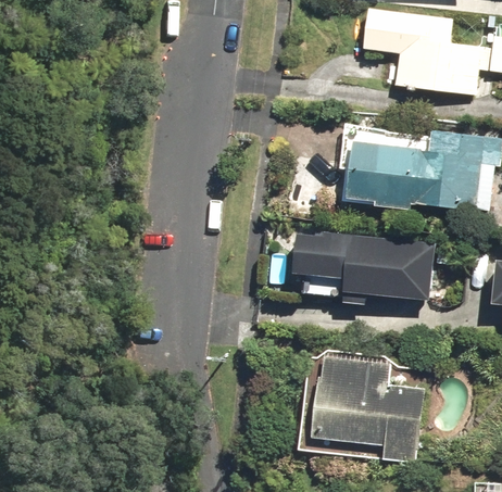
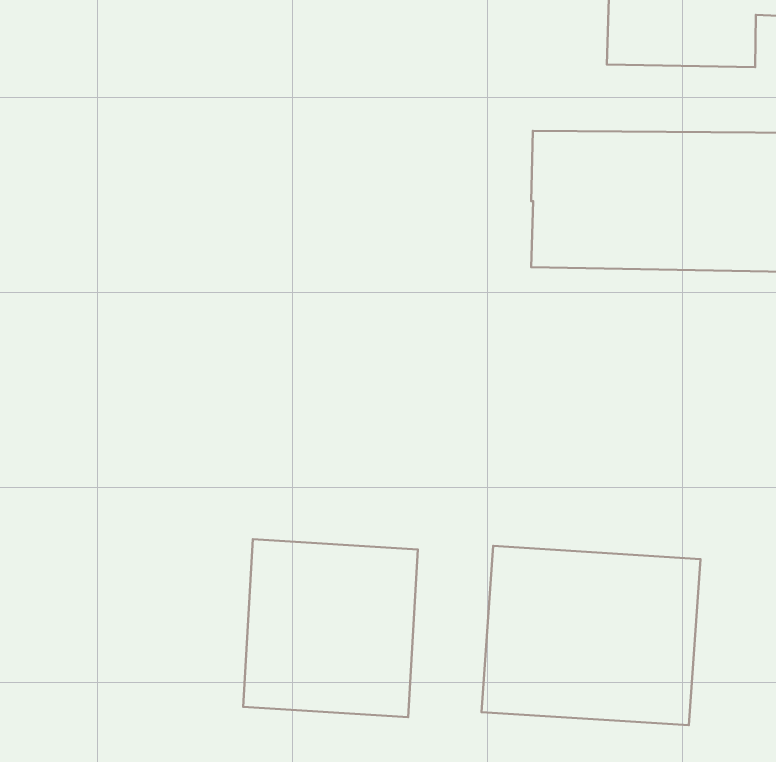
building: [291,225,438,302] -> none
building: none -> [243,539,418,717]

